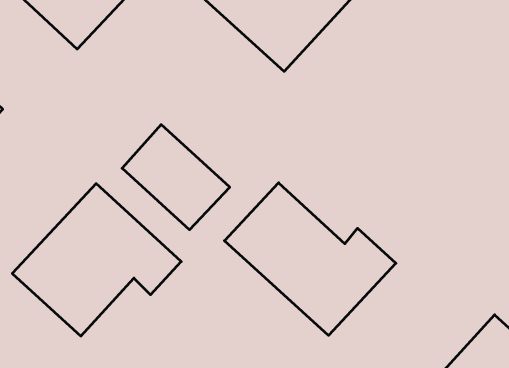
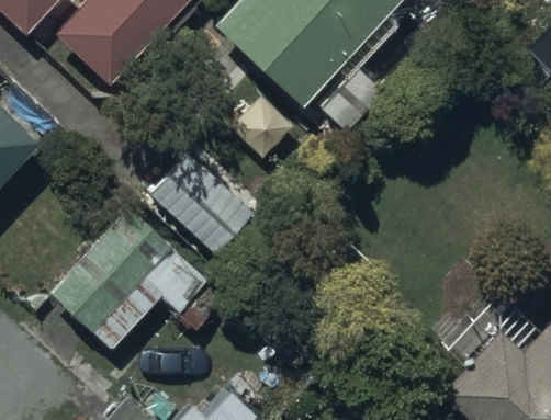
building: [224,183,396,335] -> none

